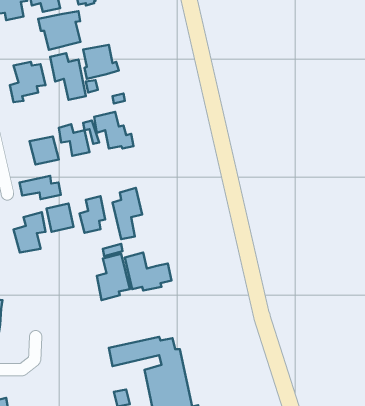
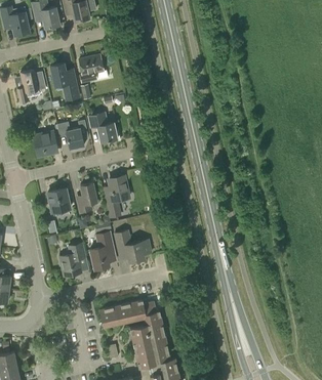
building: [38,11,81,50] -> none
building: [20,176,61,199] -> none
building: [14,212,45,253] -> [59,242,86,276]

